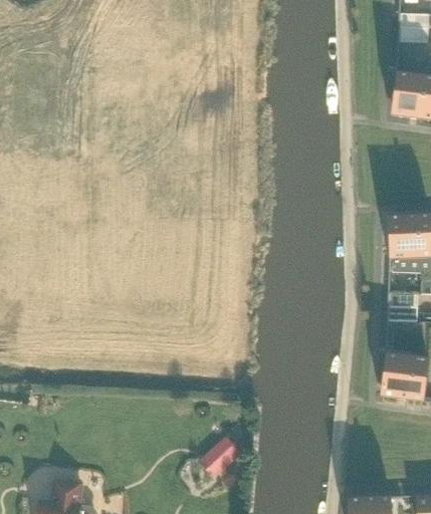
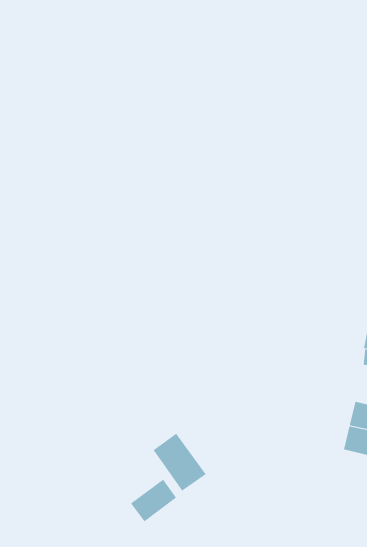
building: none -> [153,433,207,492]

